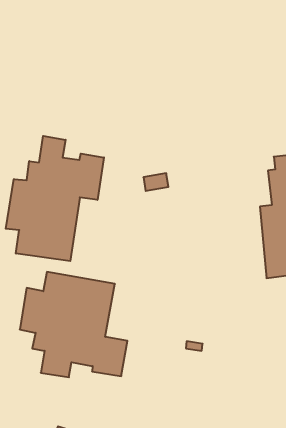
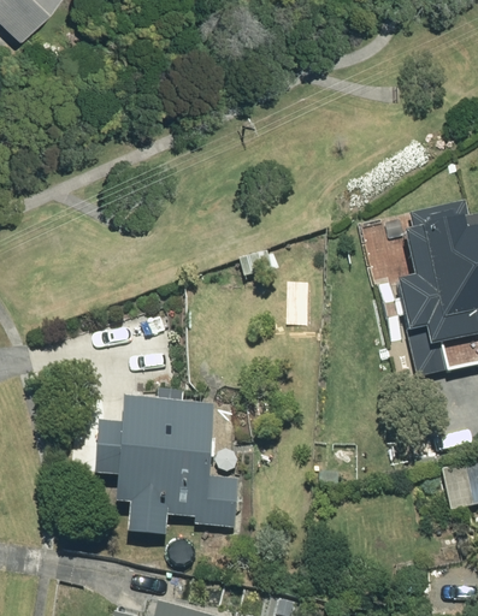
building: [6,136,104,261] -> none

